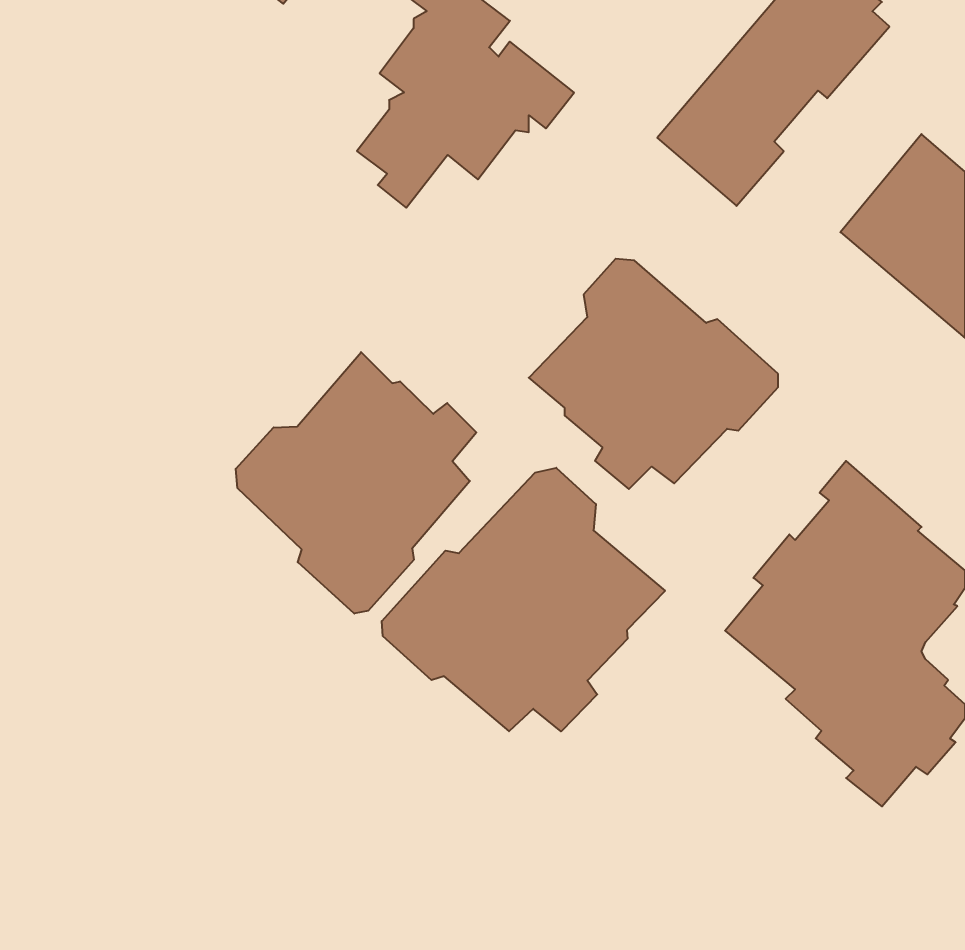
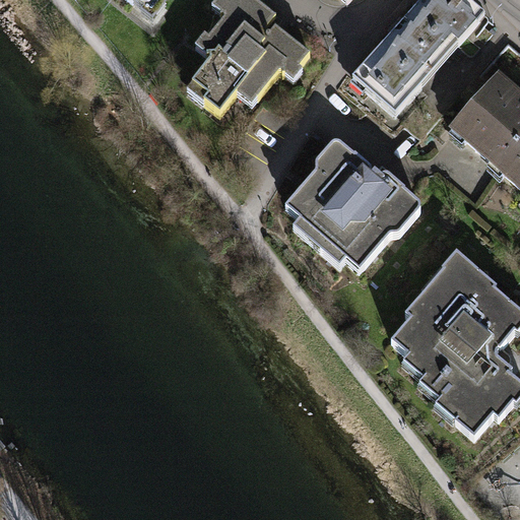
building: [236,352,476,614] -> none
building: [382,468,665,731] -> none

